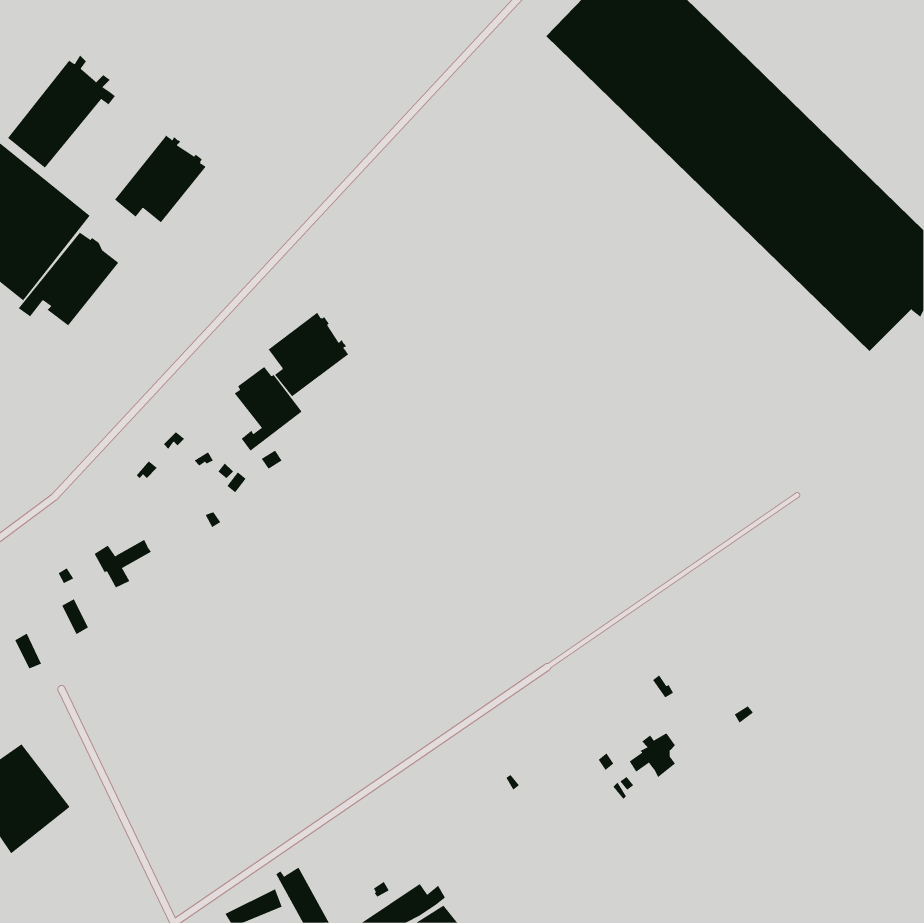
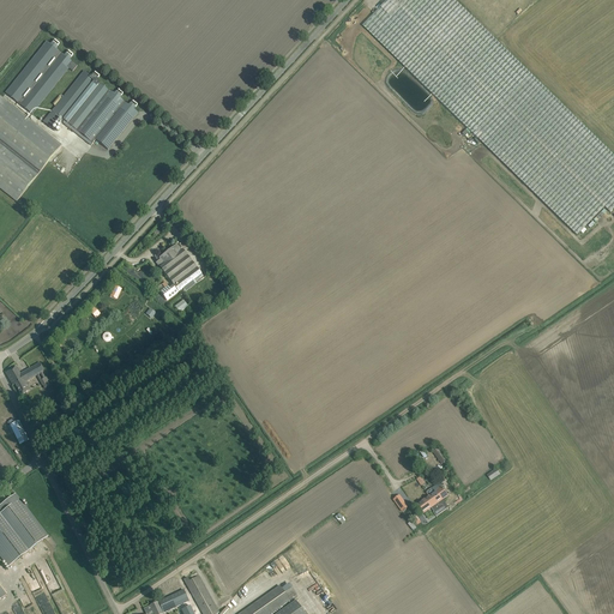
building: [18,232,119,326] -> [42,70,109,132]
building: [268,312,349,397] -> none
building: [94,539,152,588] -> [5,361,43,393]

